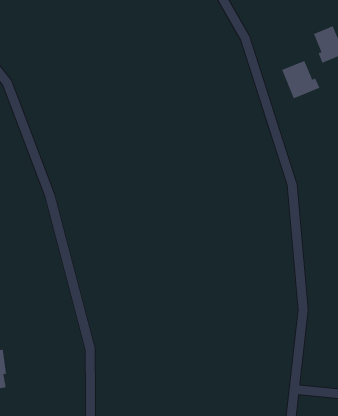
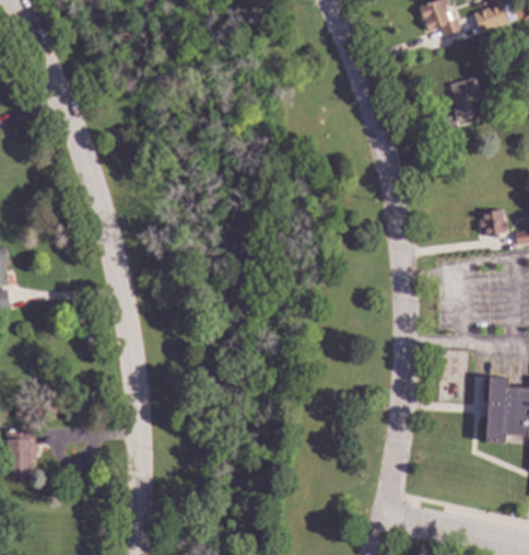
building: [281,60,320,99] -> none

